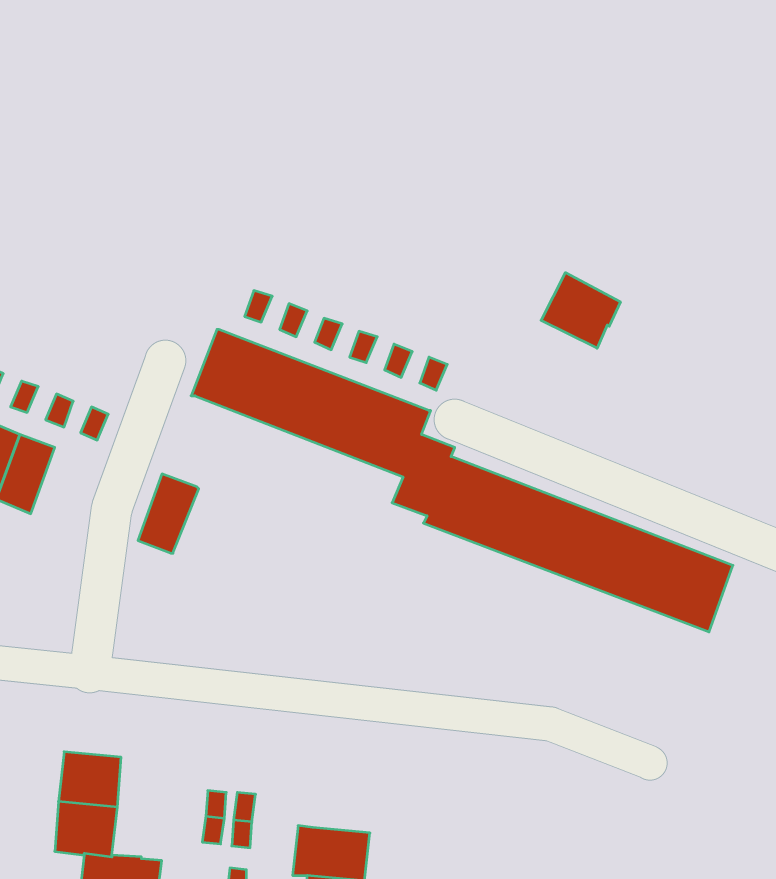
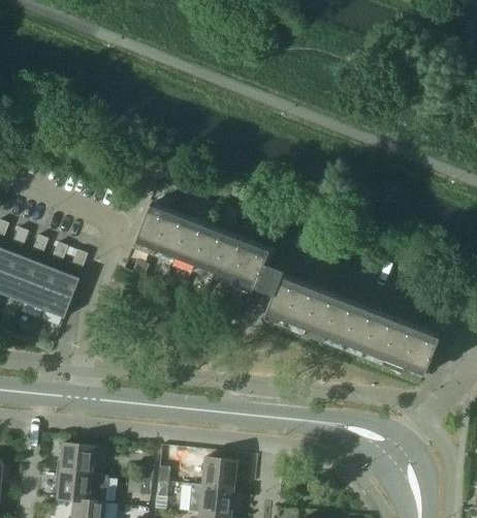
building: [541,273,620,348] -> none
building: [138,474,199,553] -> [44,272,78,316]
building: none -> [202,457,236,488]

